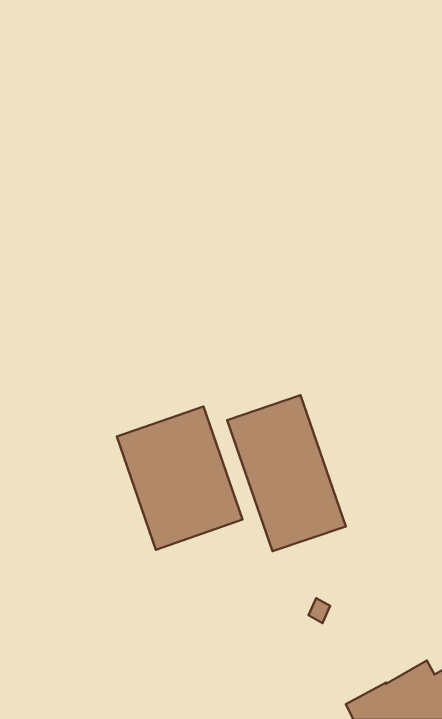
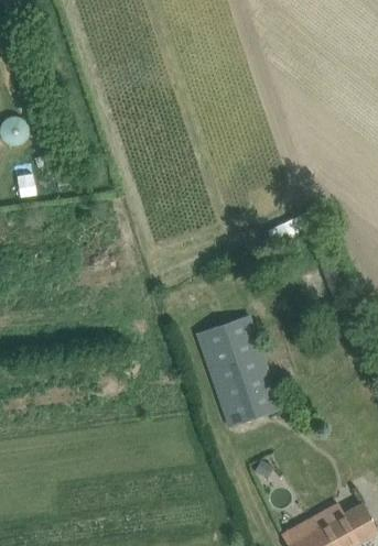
building: [117,406,242,550] -> none

